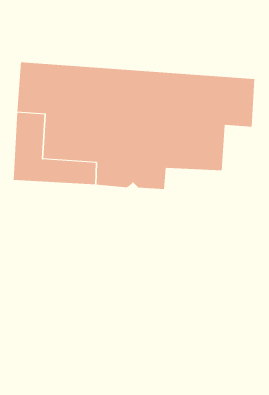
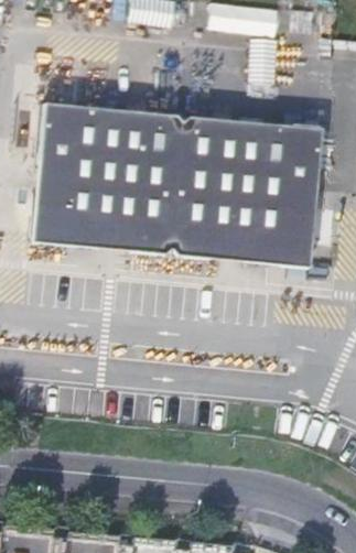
building: none -> [213,180,316,263]

